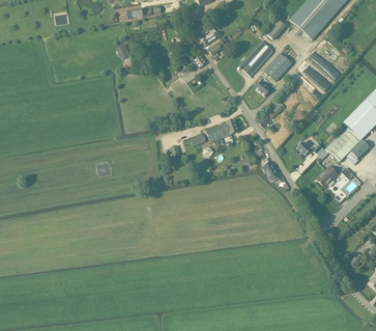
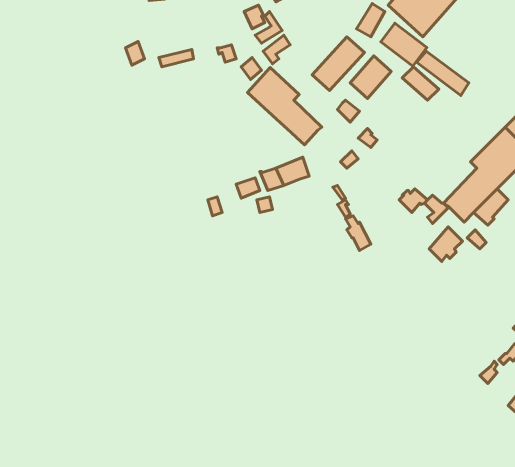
building: none -> [381,23,427,66]
building: none -> [247,68,322,145]

